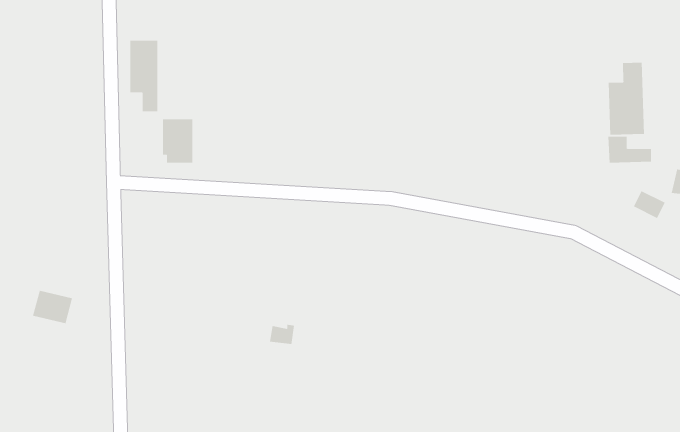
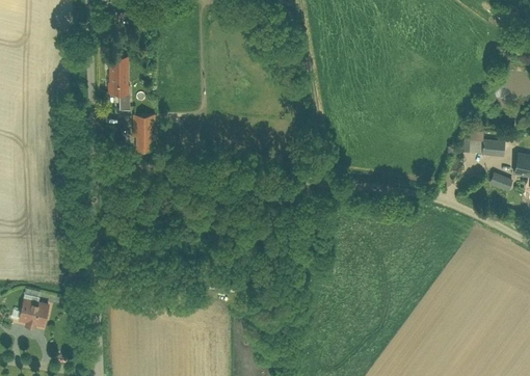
building: [608,62,644,136] -> none
building: [32,290,73,324] -> [23,299,54,325]

